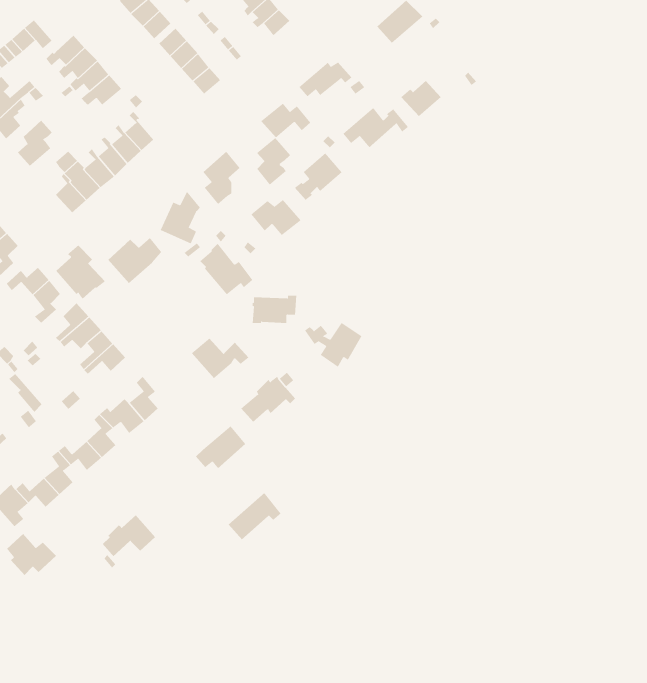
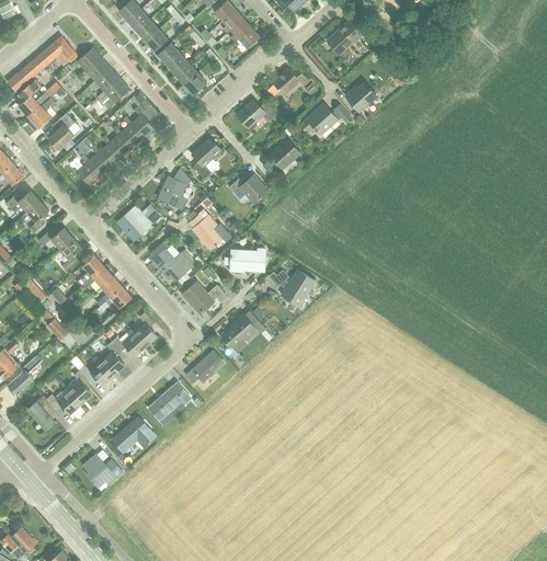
building: [256,137,291,185] -> none
building: [55,244,106,299] -> none
building: none -> [151,244,193,280]
building: [228,492,282,540] -> [148,382,190,420]
building: [6,533,57,576] -> [82,454,122,486]

